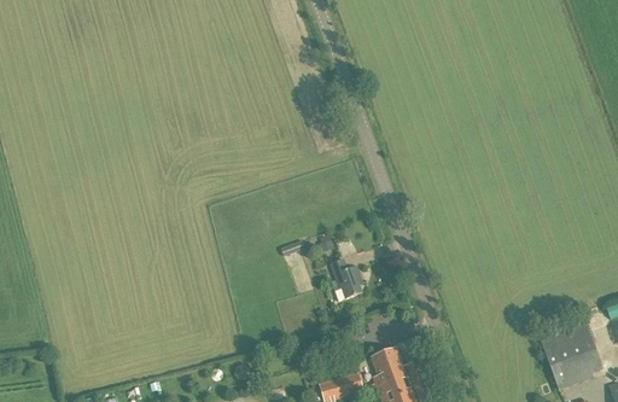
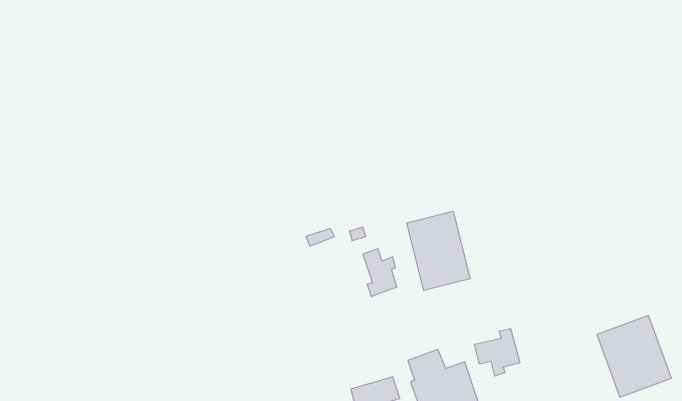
building: none -> [407,211,470,291]
building: none -> [474,328,520,376]

